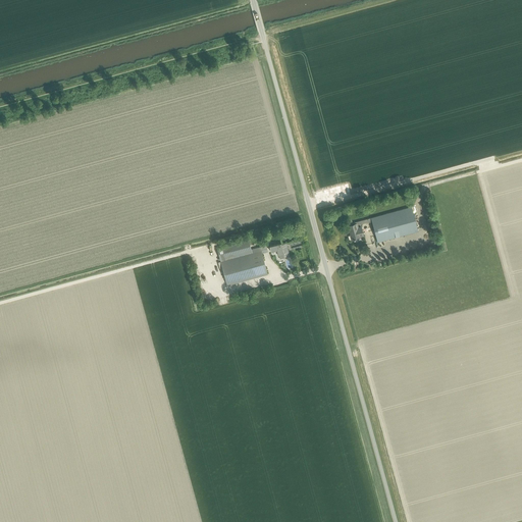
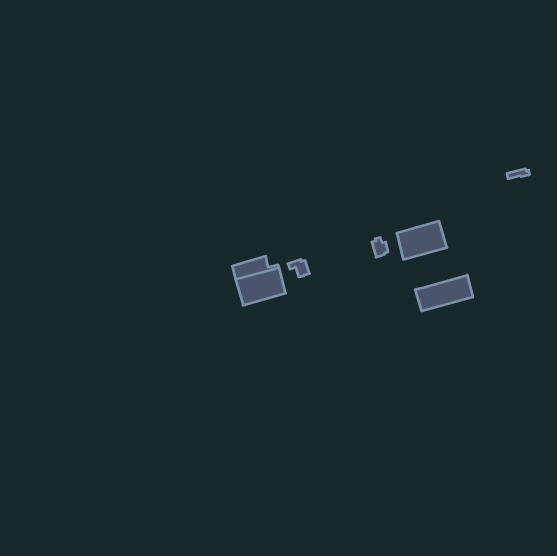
building: none -> [415,275,473,311]

